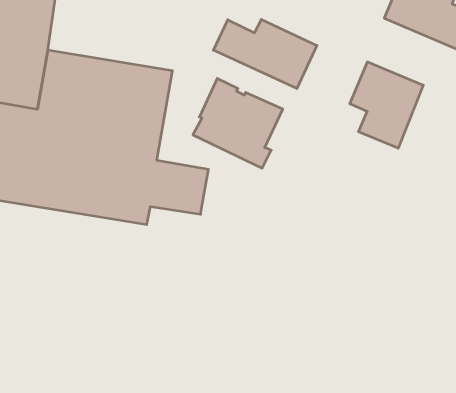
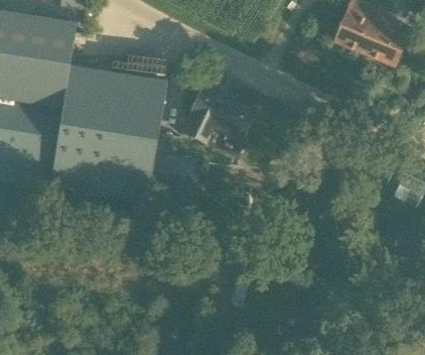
building: [213,19,317,89] -> none
building: [350,62,423,148] -> none

